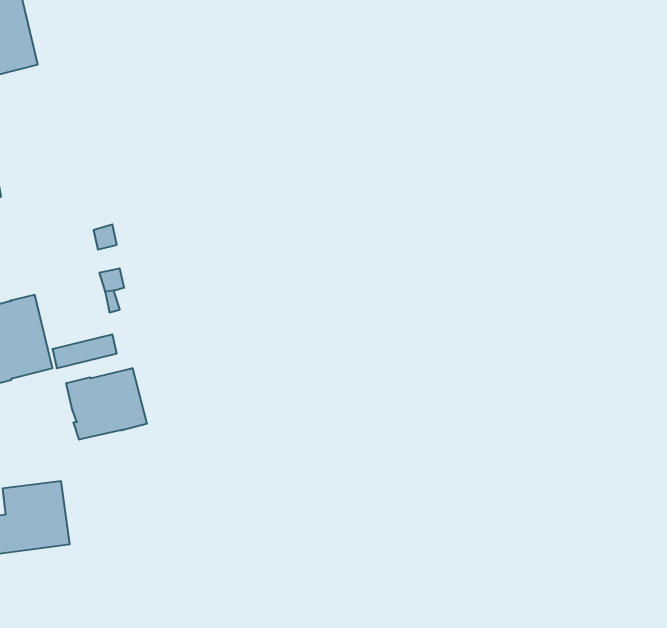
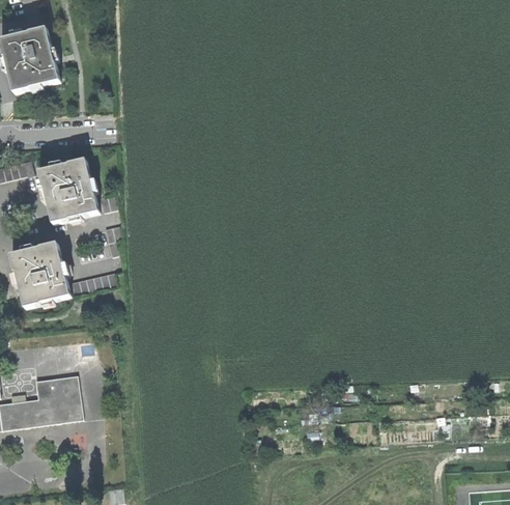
building: none -> [37,158,96,223]
building: [66,368,147,440] -> none

